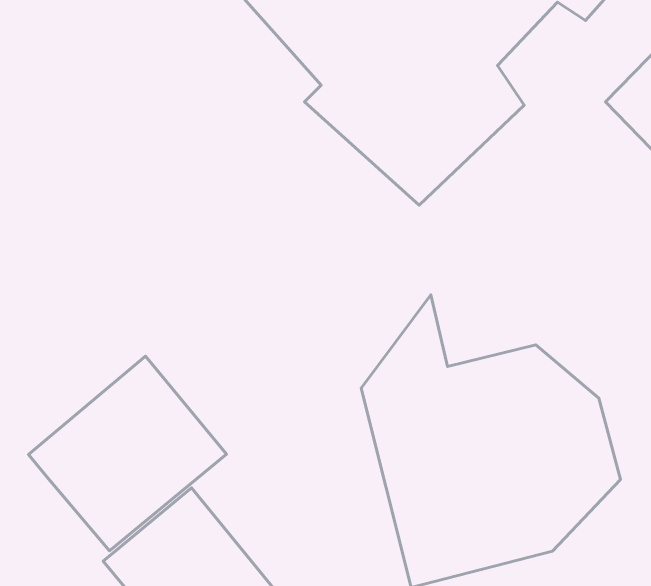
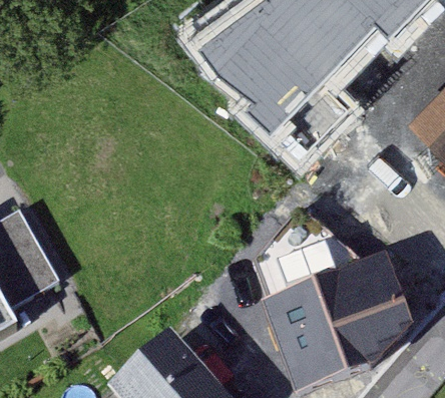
building: [29,356,226,551] -> none

